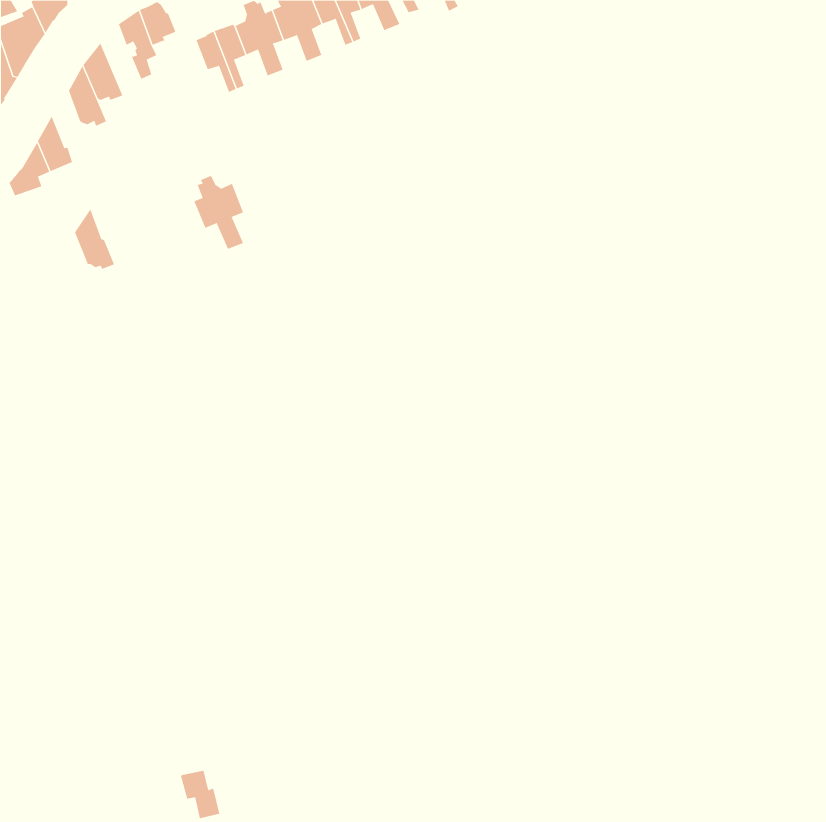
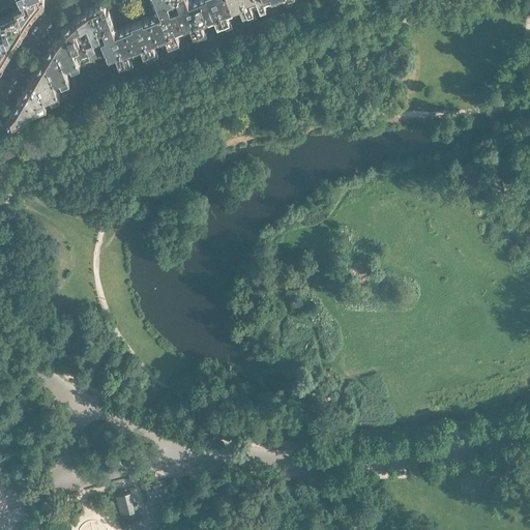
building: none -> [65,20,91,58]
building: [194,175,244,250] -> [101,25,134,72]
building: [74,208,115,269] -> [34,62,60,101]

